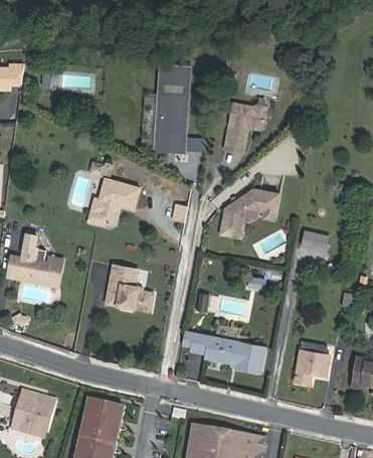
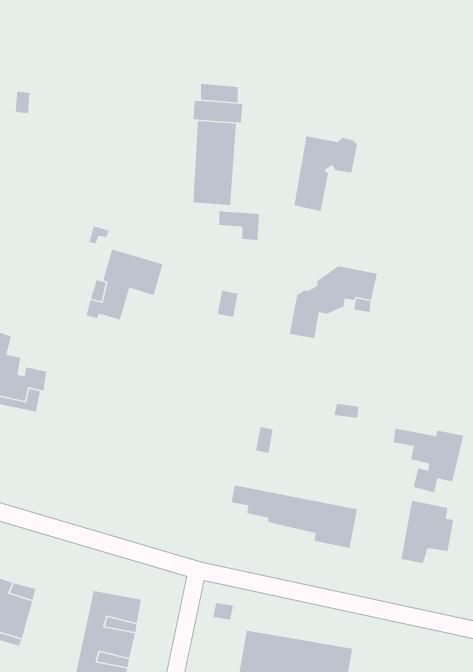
building: [300,230,328,251] -> none
building: [106,264,153,311] -> none
building: none -> [393,428,464,493]

